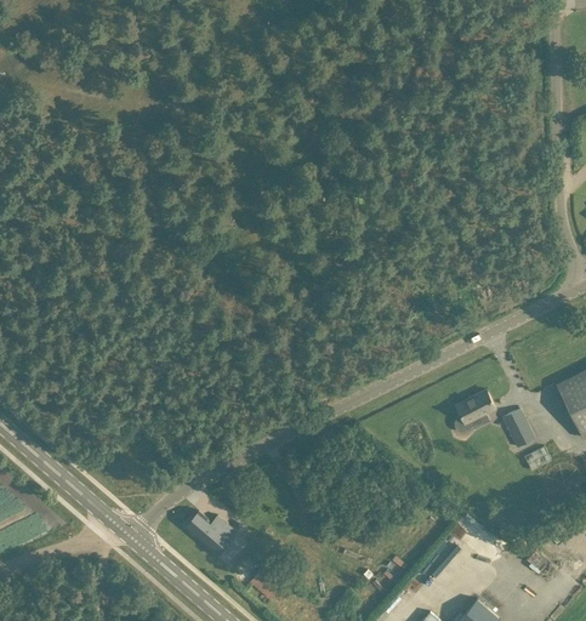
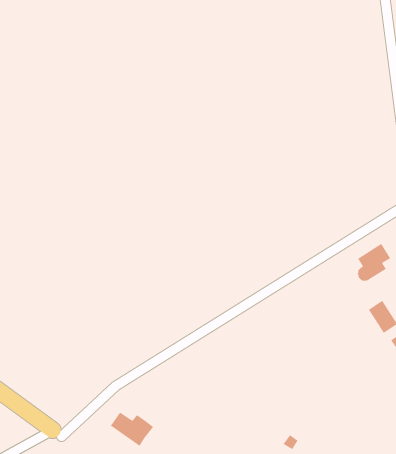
building: [454,391,496,434] -> [357,243,391,282]

